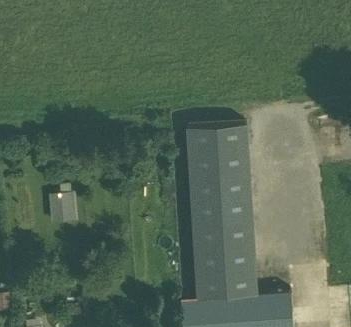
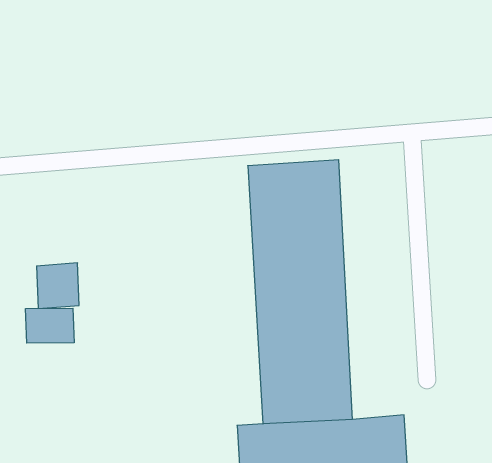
building: none -> [26,308,74,343]

